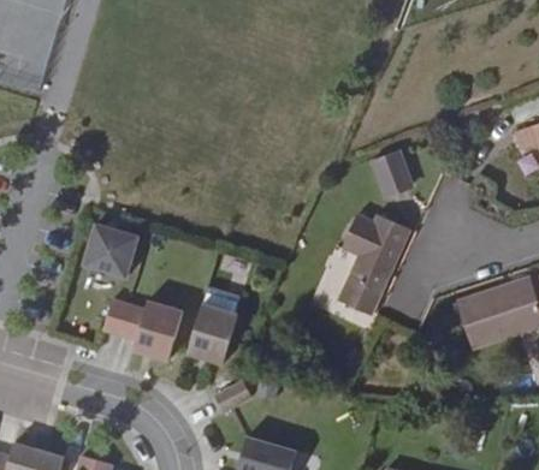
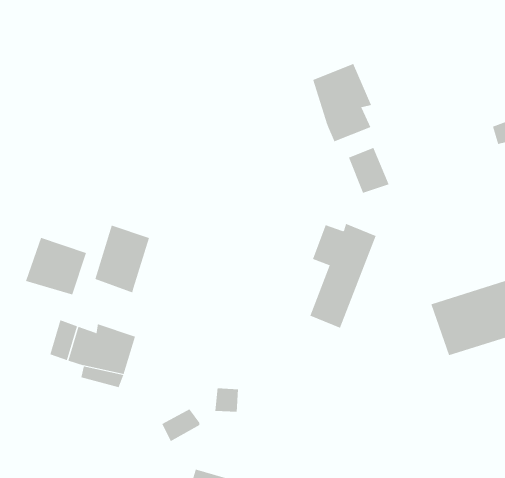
building: none -> [312,63,372,142]
building: [186,309,238,373] -> [94,225,150,293]

